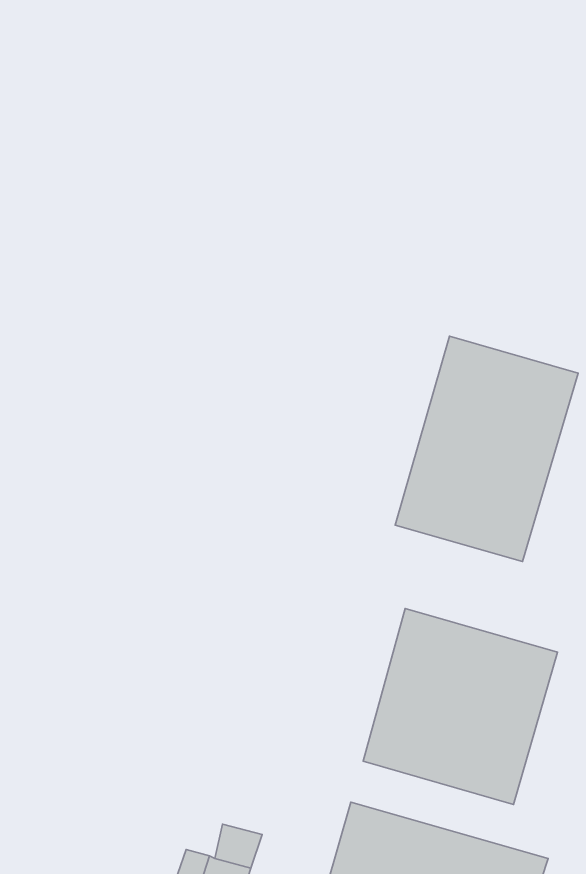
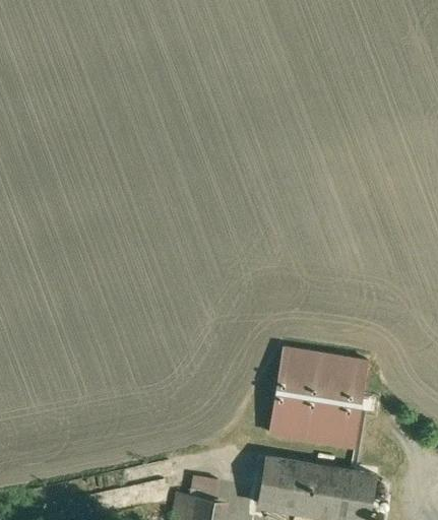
building: [395,336,578,562] -> none

